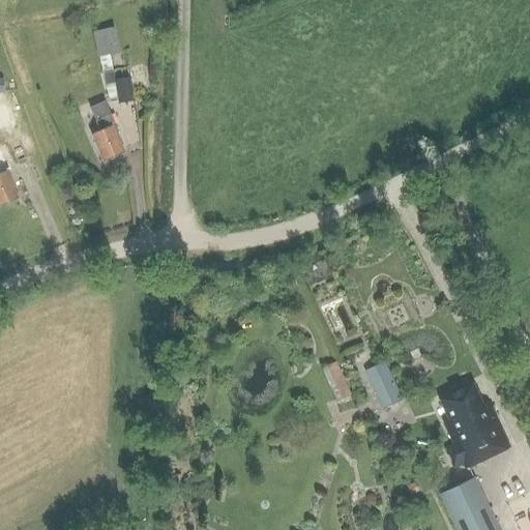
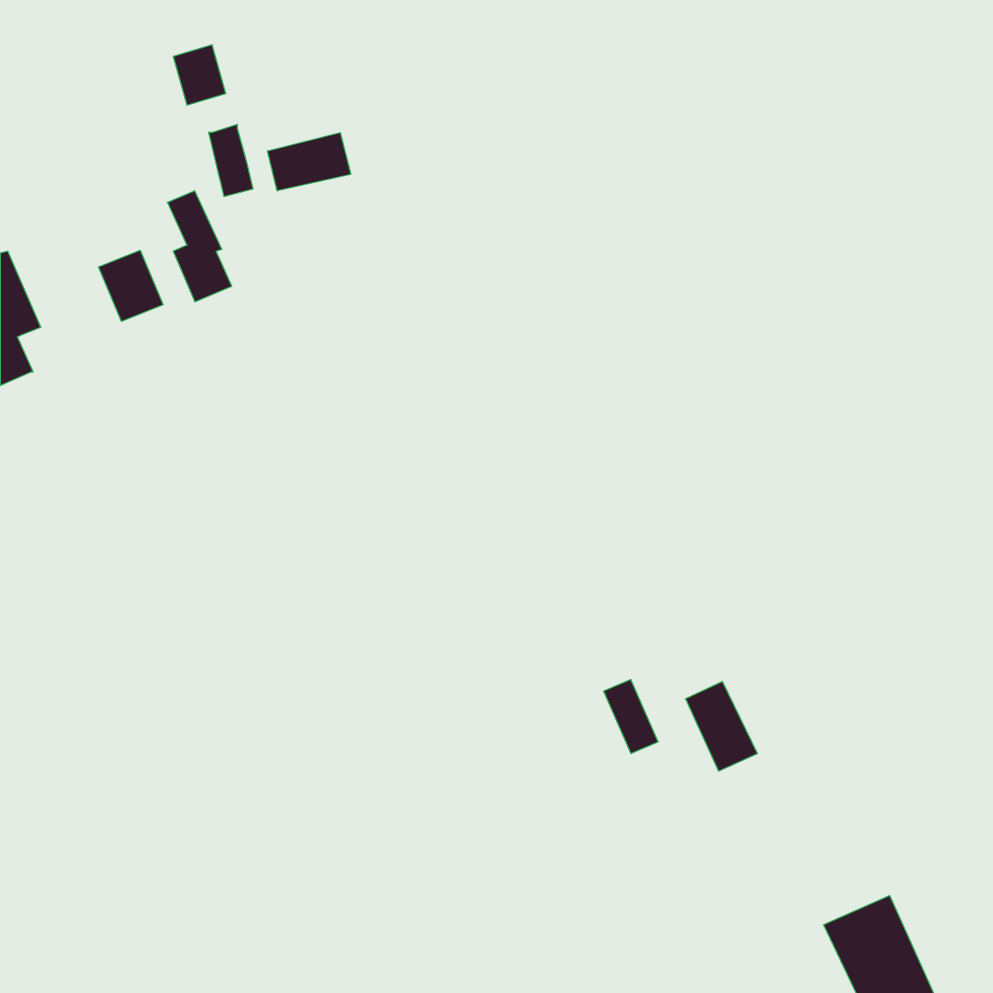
building: none -> [268,133,351,191]
building: none -> [98,250,163,321]
building: [440,384,509,468] -> none

